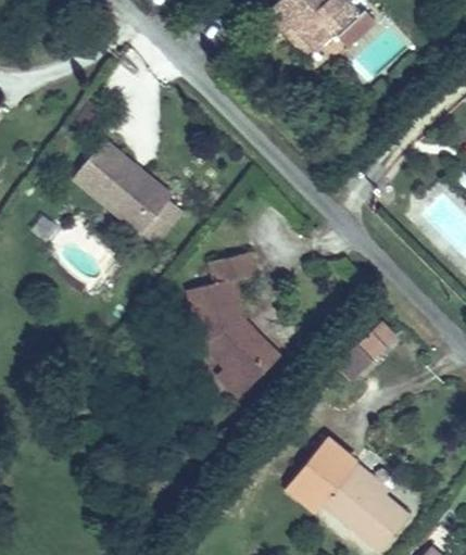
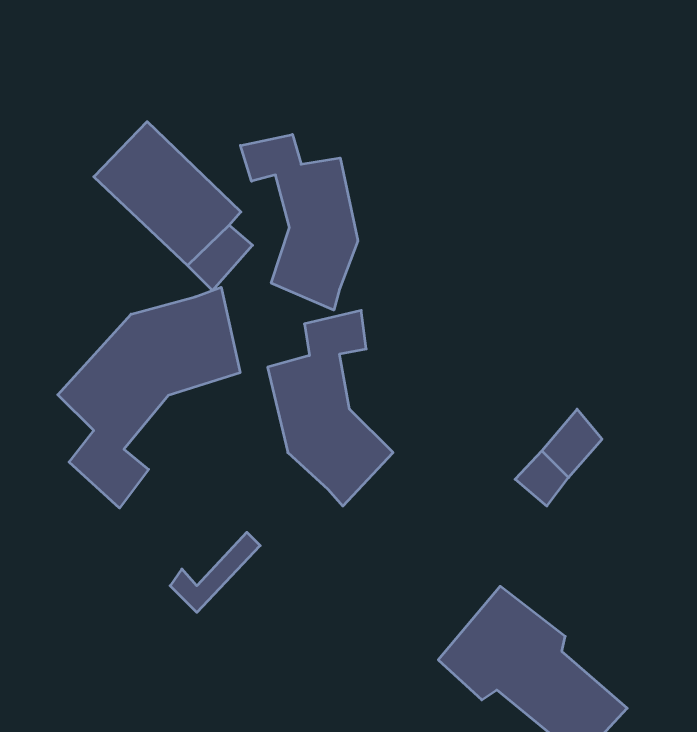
building: none -> [240,134,358,310]
building: none -> [58,287,240,508]
building: [215,348,274,400] -> [170,532,260,612]

